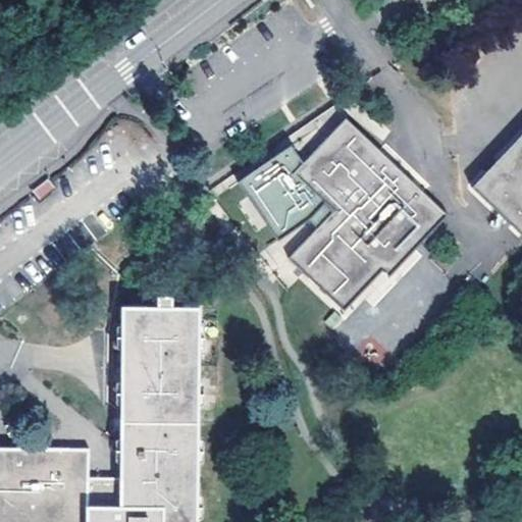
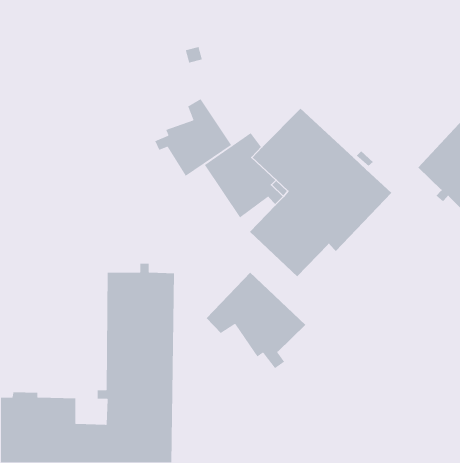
building: none -> [154,98,232,177]
building: none -> [206,272,306,369]

